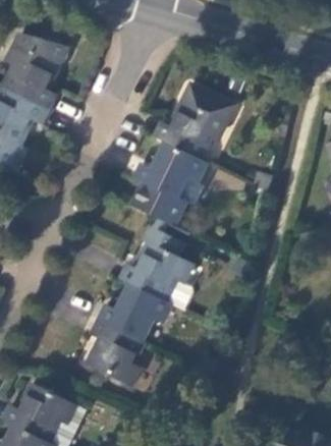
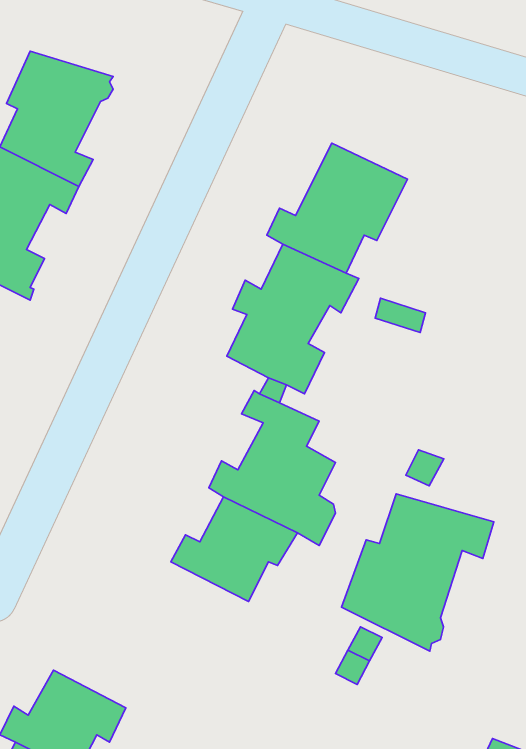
building: none -> [342,494,494,651]
building: [91,321,144,387] -> none

